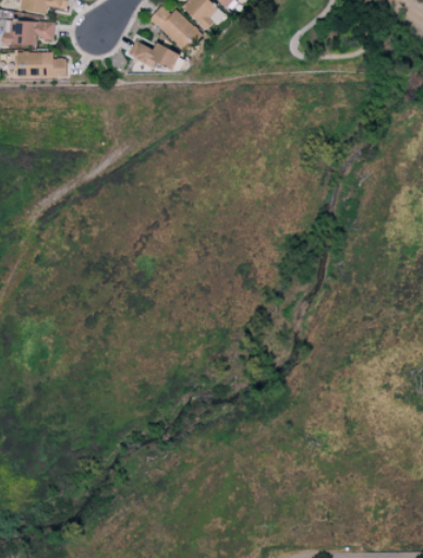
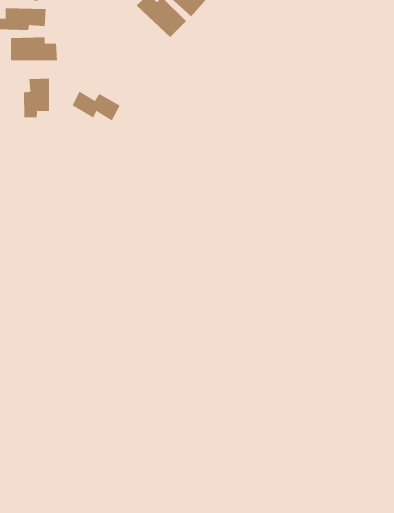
building: [128,39,179,71] -> [72,91,121,121]
building: none -> [24,78,50,118]

